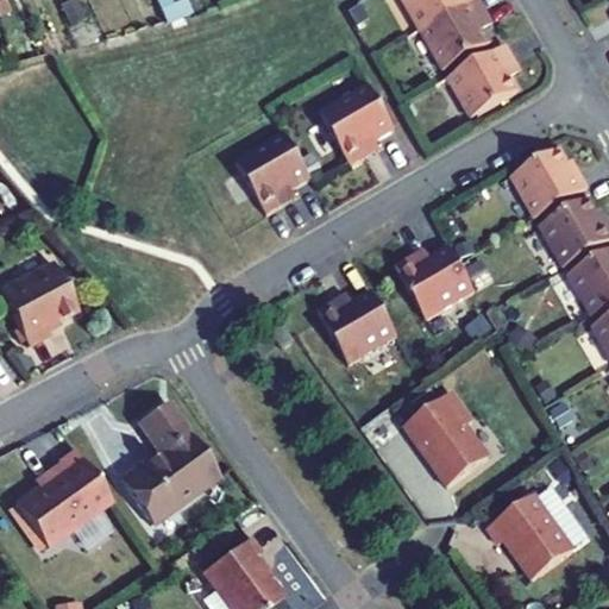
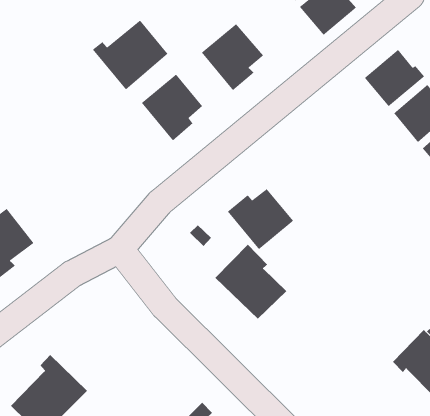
building: none -> [92,19,169,91]
building: [395,245,475,319] -> none
building: [403,391,489,485] -> [214,244,287,320]
building: [119,401,219,523] -> none

